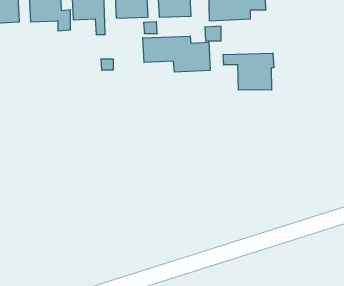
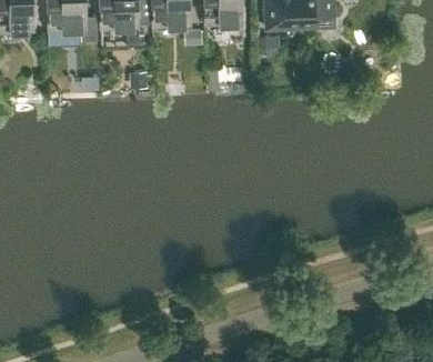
building: [143,36,210,72] -> none
building: [223,53,274,90] -> none

